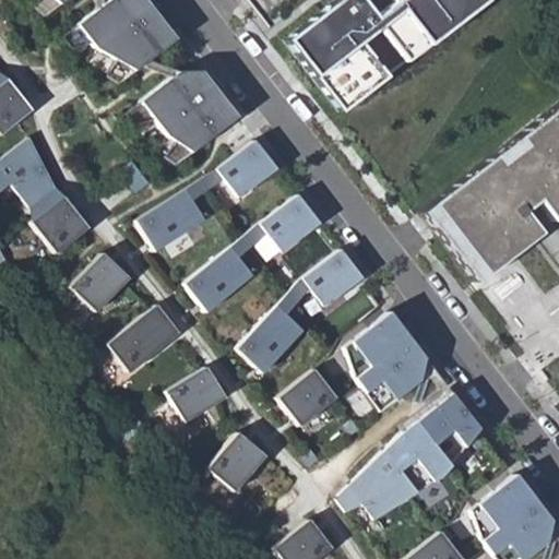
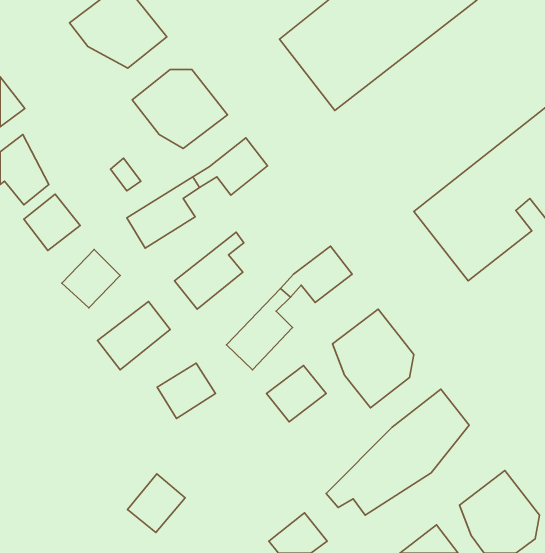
building: [247,193,321,251] -> none
building: [209,431,266,490] -> [128,474,185,532]

